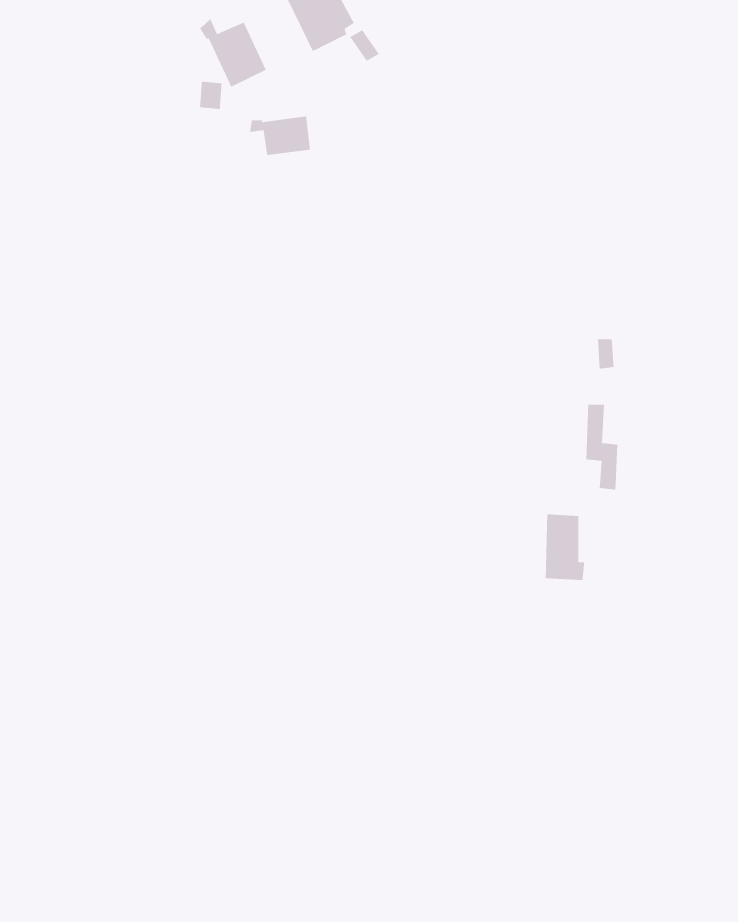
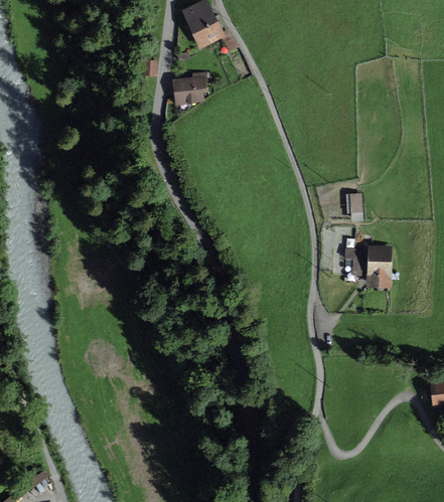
building: [199,18,267,88] -> none
building: [545,513,585,581] -> [368,248,390,284]

